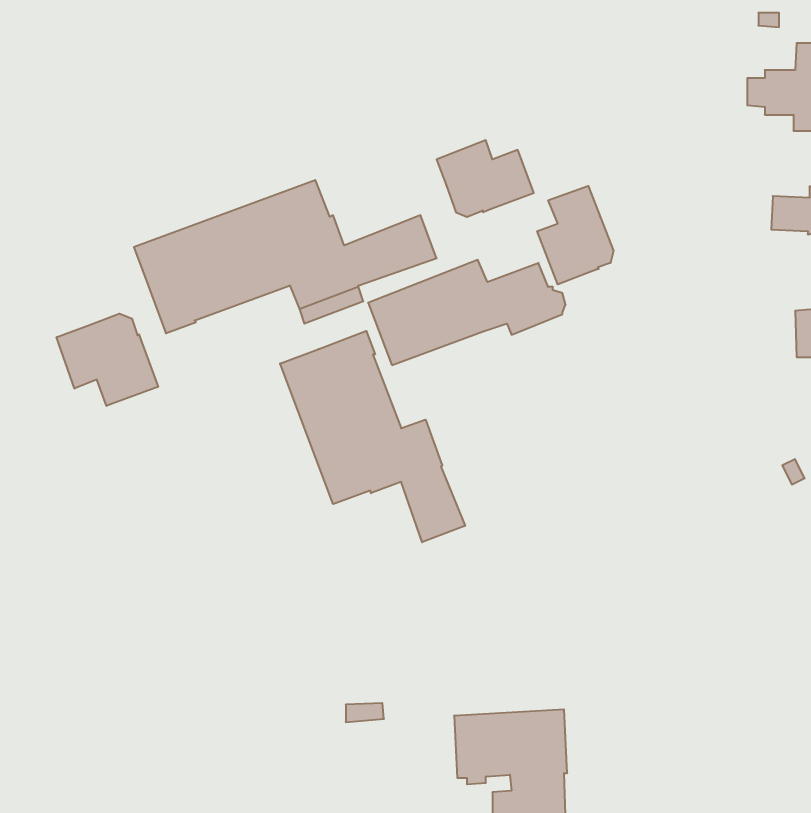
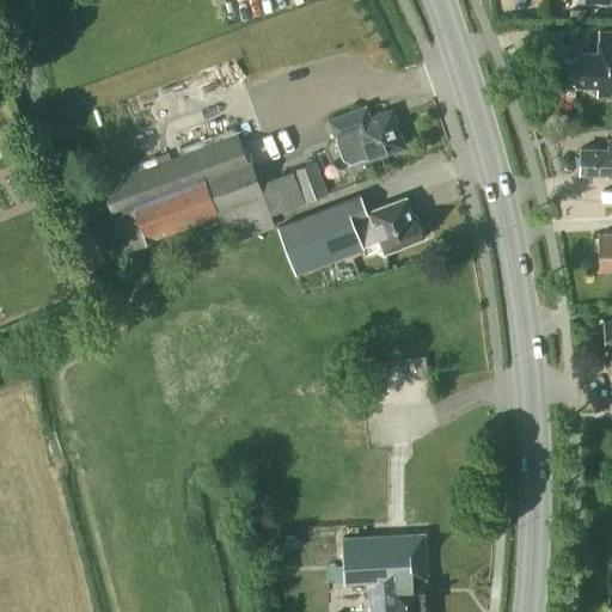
building: [537,186,613,284] -> none
building: [57,314,158,406] -> none
building: [280,331,465,542] -> none

